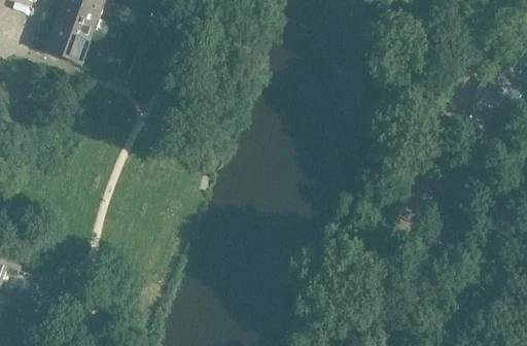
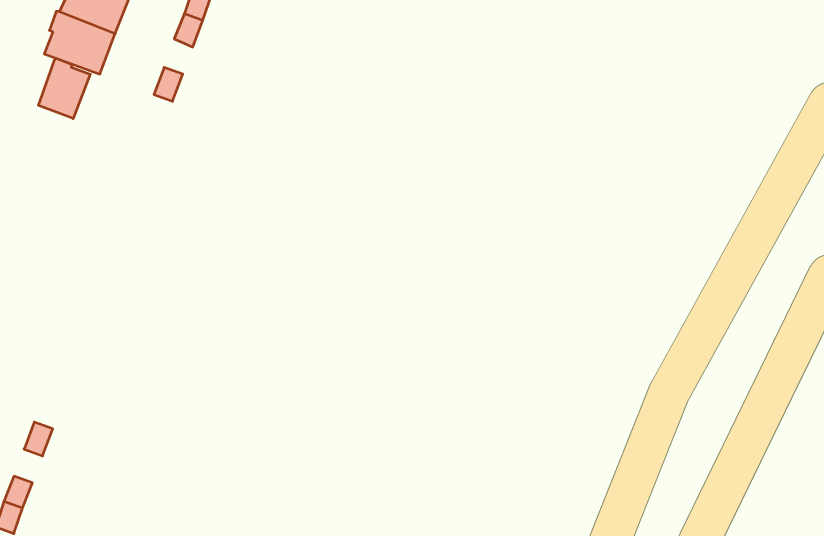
building: none -> [38,58,90,119]

